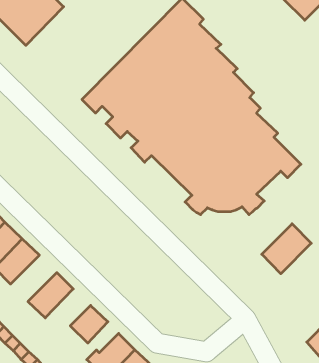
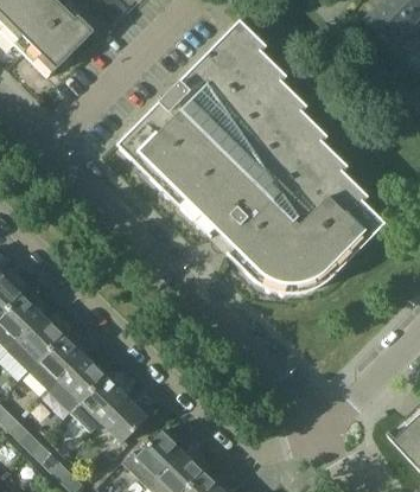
building: [262,224,311,274] -> none
building: none -> [28,334,85,391]
building: none -> [71,376,127,432]

